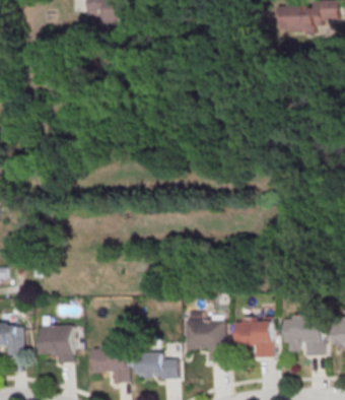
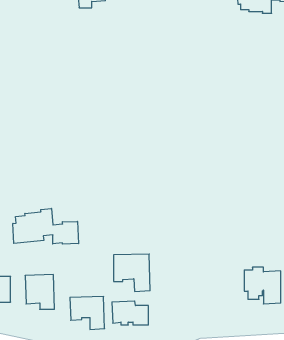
building: none -> [13,208,79,244]
building: [234,314,273,353] -> none
building: [185,320,225,361] -> [114,254,150,291]

